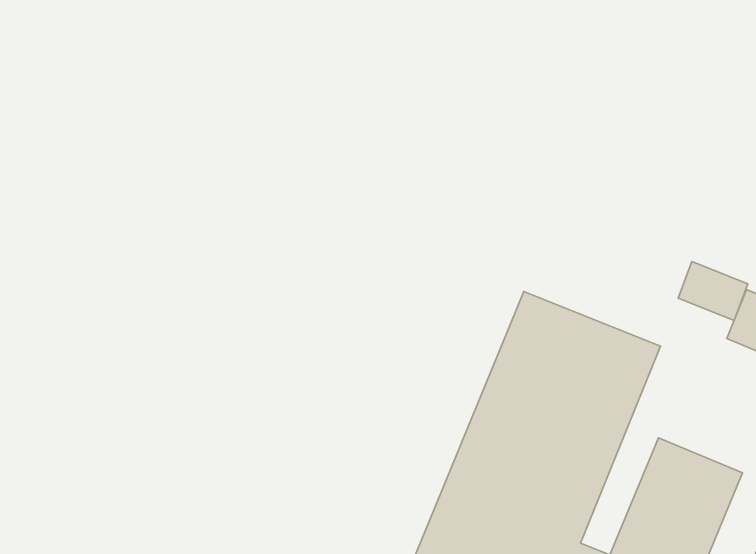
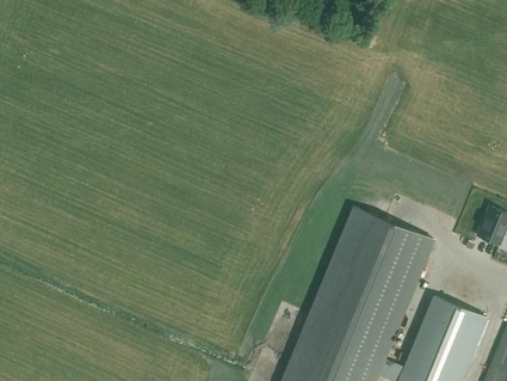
building: [678,261,748,321] -> none

